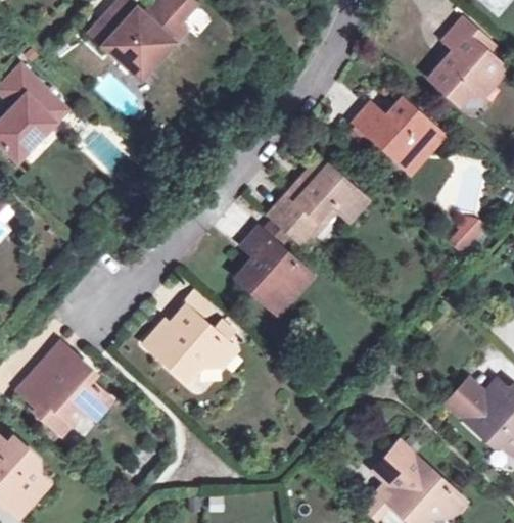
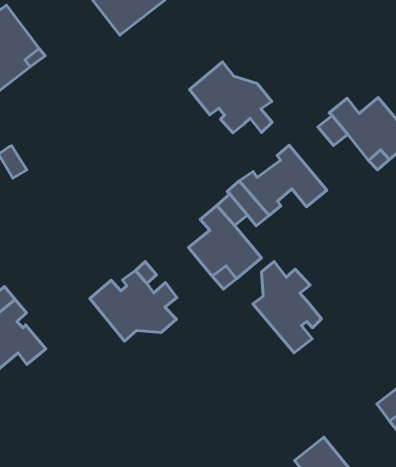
building: none -> [189,62,272,133]
building: none -> [253,262,322,353]

